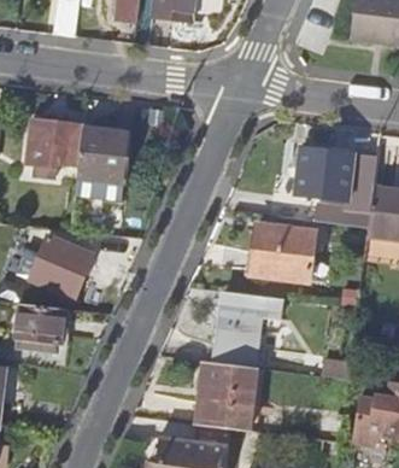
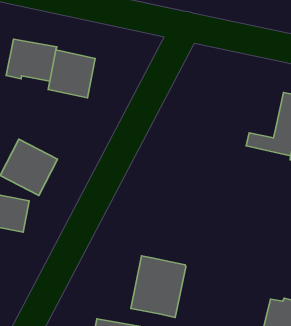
building: [294,148,352,200] -> none
building: [252,227,313,279] -> none
building: [215,291,282,367] -> none

